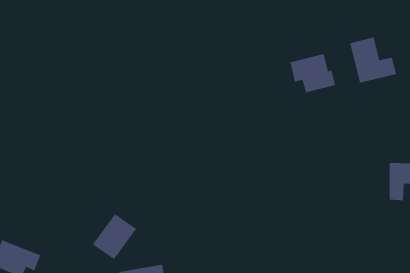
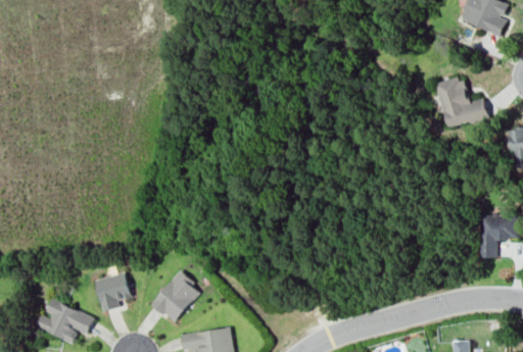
building: [289,53,336,93] -> none
building: none -> [95,272,132,312]

